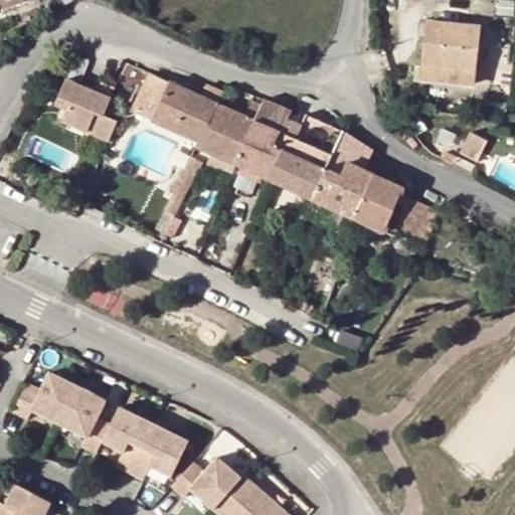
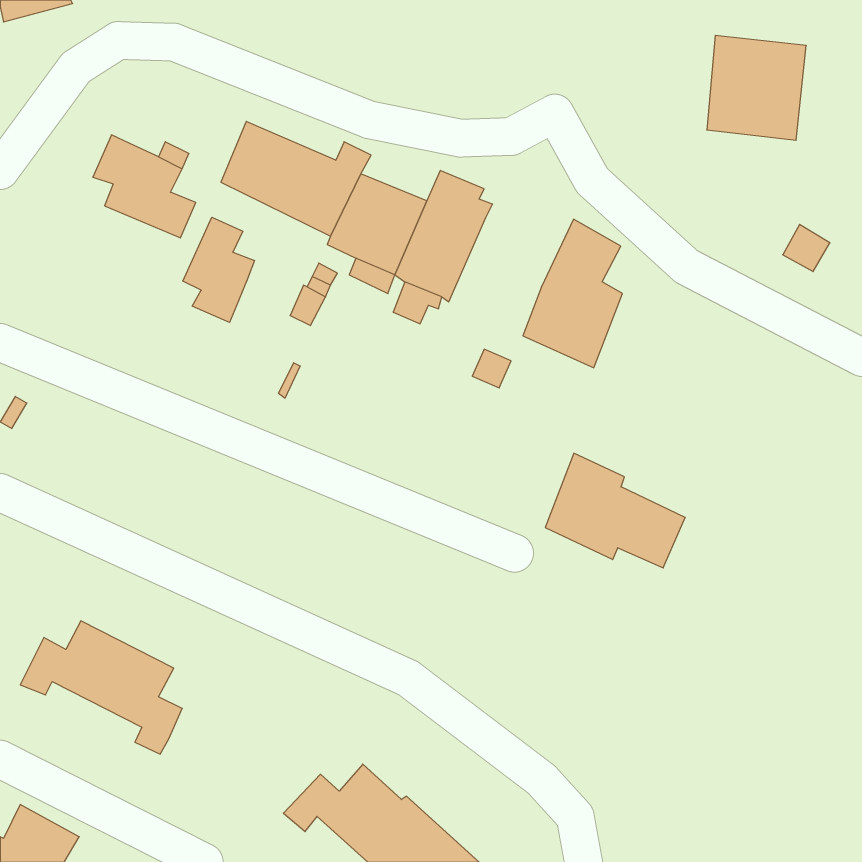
building: [268,114,342,200] -> none
building: none -> [183,217,254,322]
building: [354,175,438,243] -> [545,453,685,568]
building: [101,405,186,479] -> none

